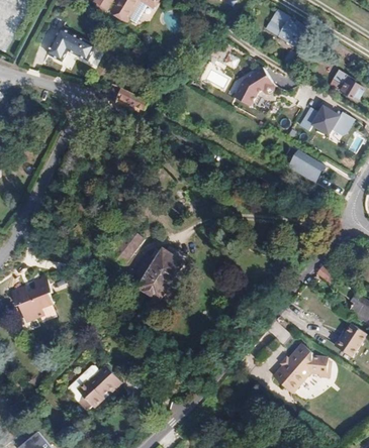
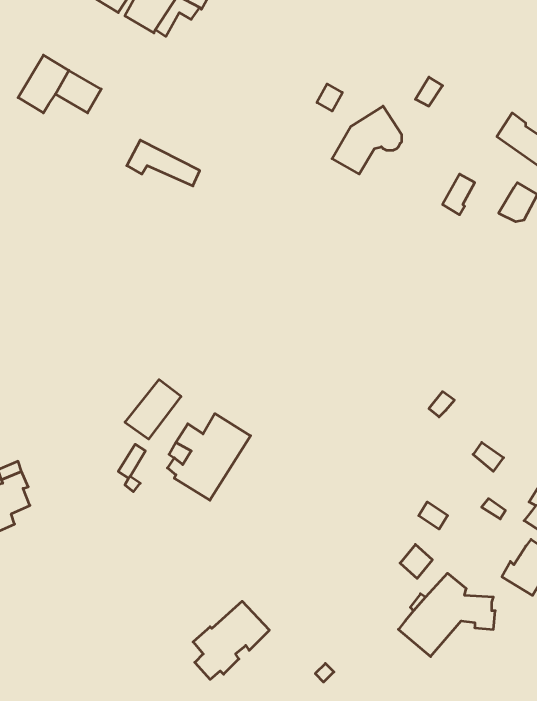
building: [264,7,302,44] -> none
building: [310,104,341,134] -> none
building: [288,148,328,183] -> none
building: [76,364,121,411] -> [193,601,269,679]

